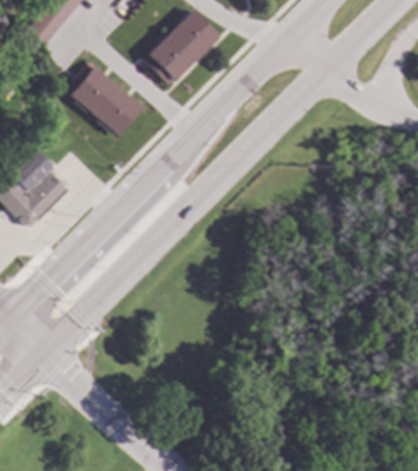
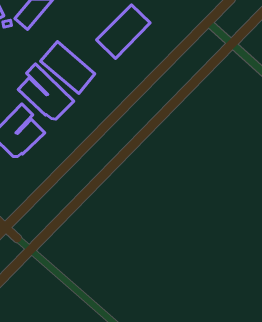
building: none -> [18,64,74,119]

